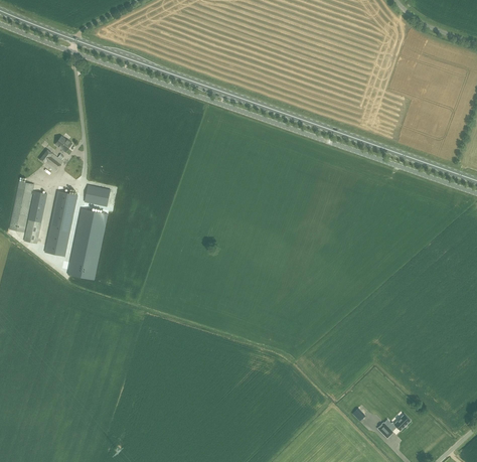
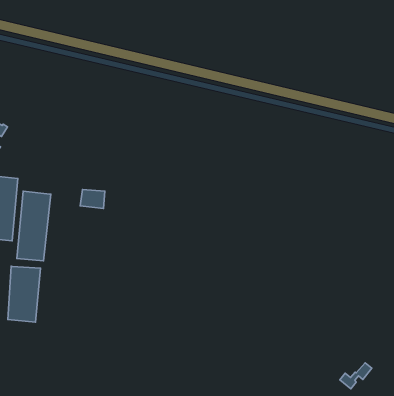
building: [84,184,110,205] -> [80,190,105,209]
building: none -> [8,266,41,322]

